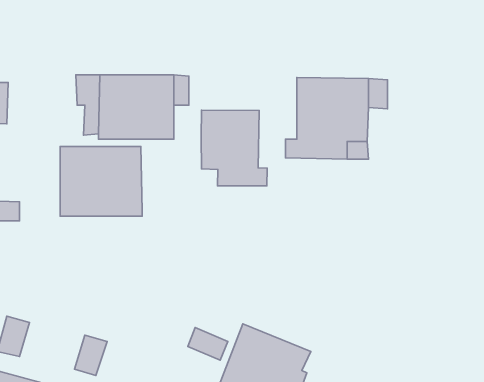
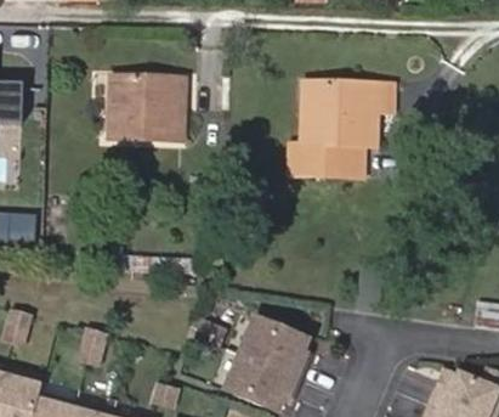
building: [201,110,267,186] -> none
building: [60,147,142,216] -> none

